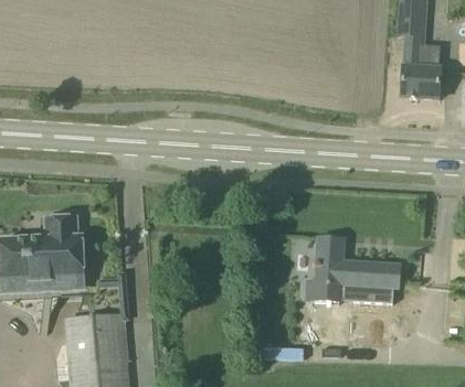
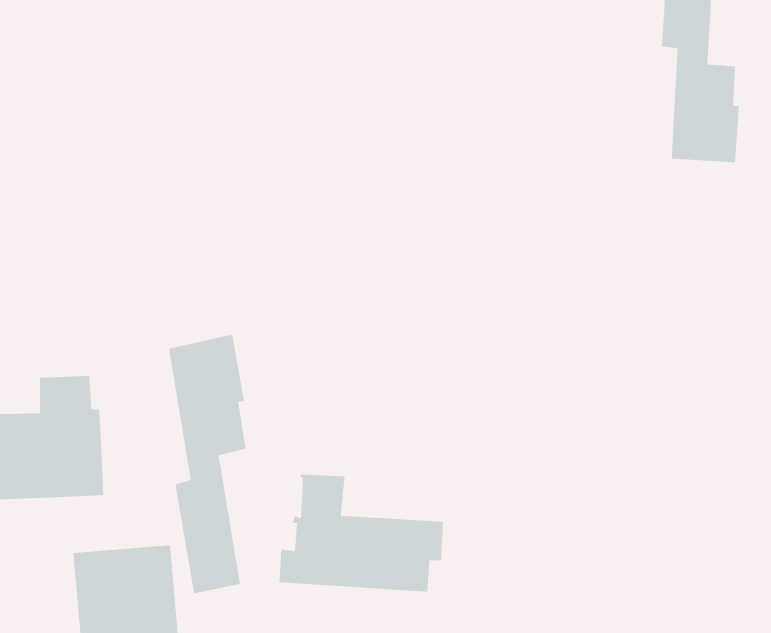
building: none -> [169,334,246,594]
building: [306,237,399,303] -> [279,474,444,592]

